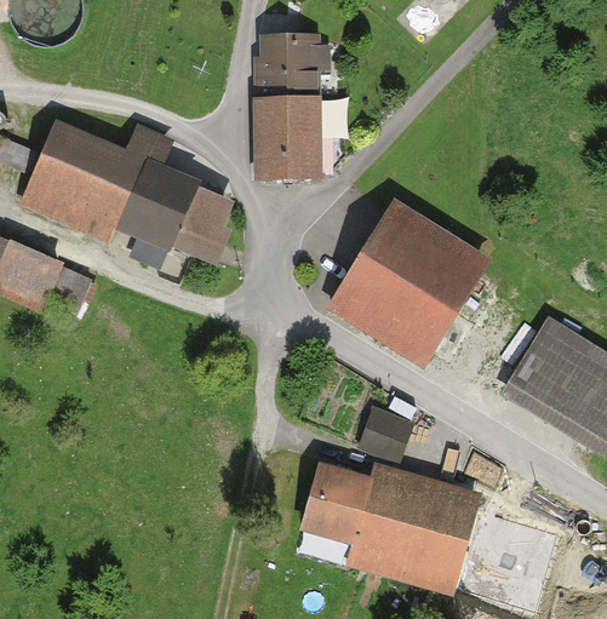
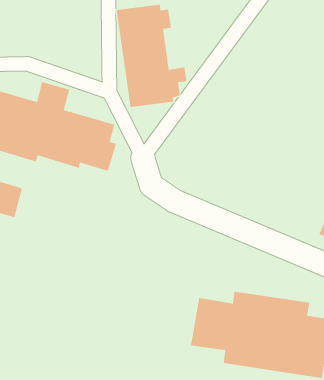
building: [327,199,496,371] -> none
building: [354,401,414,458] -> none

